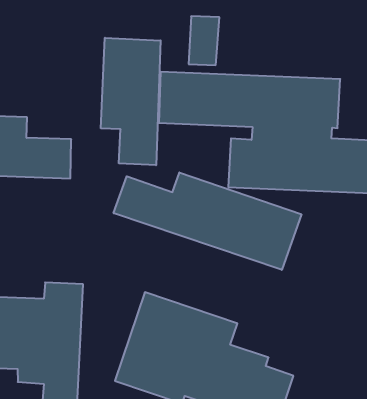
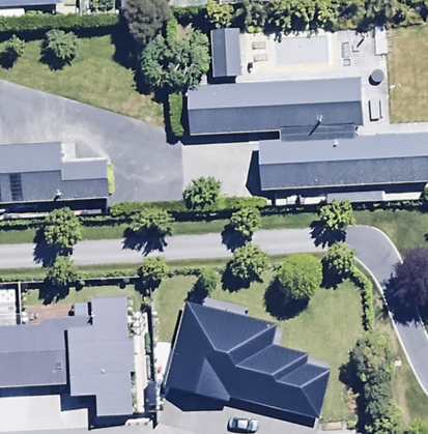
building: [101,38,161,165] -> none
building: [114,172,301,270] -> none

